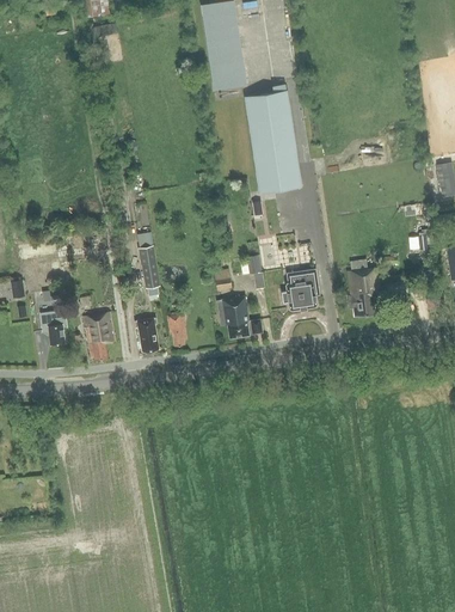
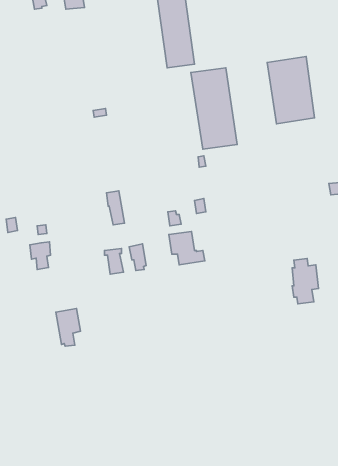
building: none -> [267,56,314,124]
building: [346,259,380,317] -> [292,258,319,304]
building: [281,269,318,310] -> none
building: [82,312,113,360] -> [56,308,80,346]

